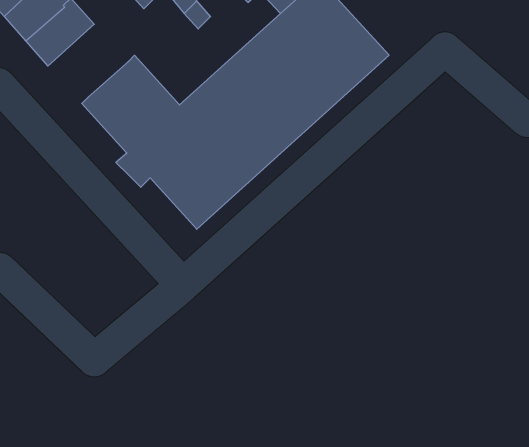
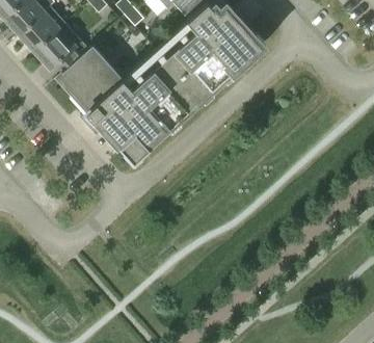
building: none -> [36,26,90,75]

